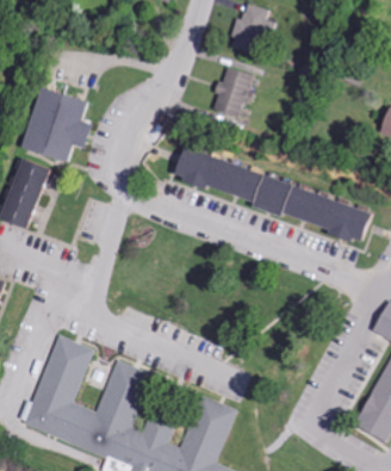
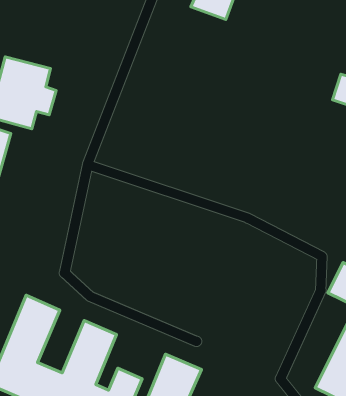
building: [210,66,253,118] -> none
building: [169,145,367,240] -> none

